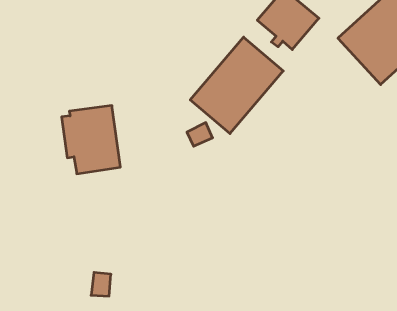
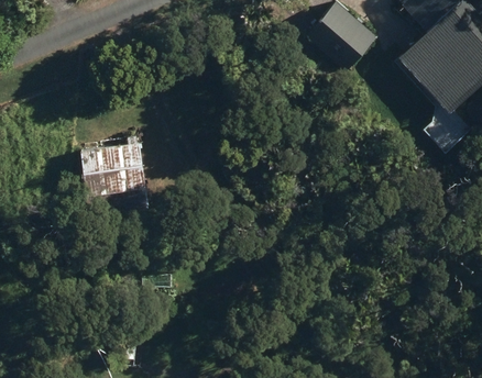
building: [190,37,283,134] -> none

